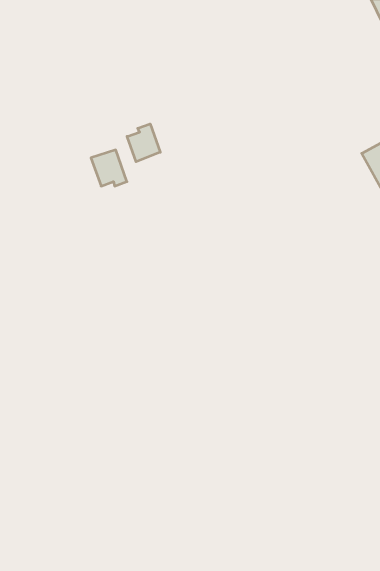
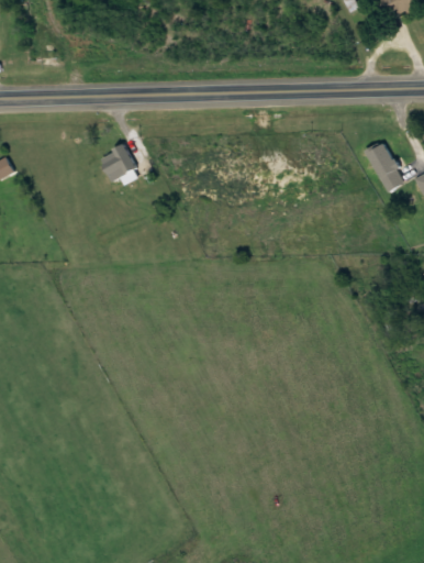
building: [127,124,160,162] -> none

